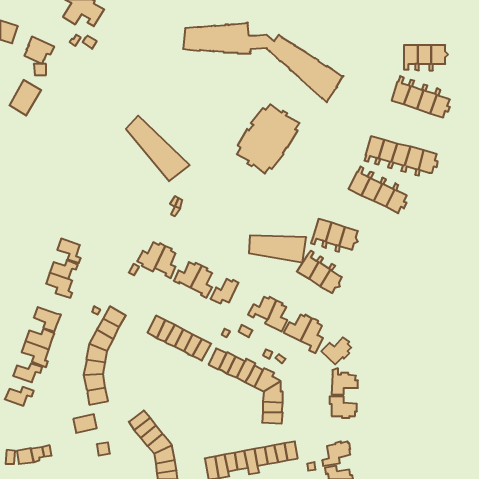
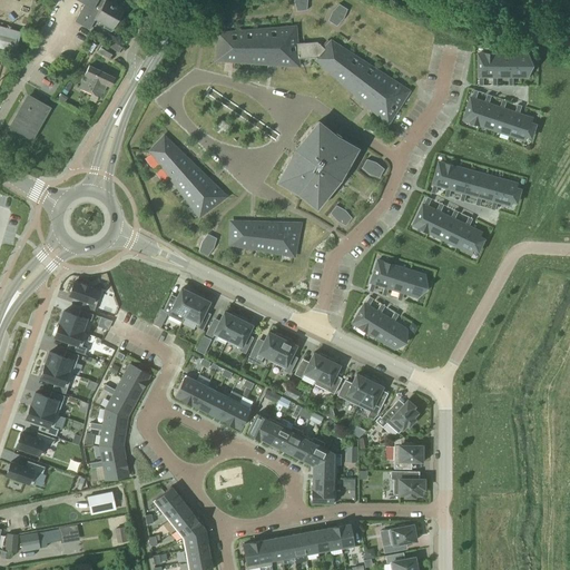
building: [24,37,54,64] -> [80,65,116,97]
building: [249,235,306,263] -> [232,222,299,254]
building: none -> [272,335,297,373]
building: none -> [46,350,80,373]

